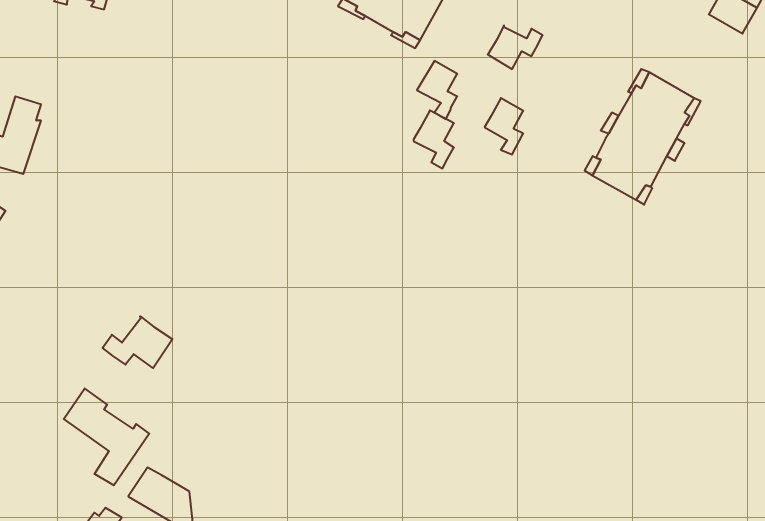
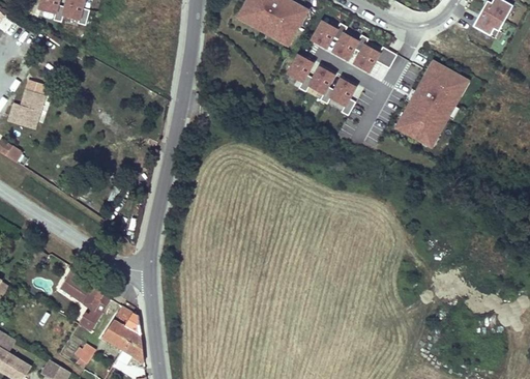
building: none -> [310,22,346,49]
building: none -> [353,46,395,72]
building: [414,110,454,168] -> [307,67,333,105]
building: [103,316,172,368] -> none
building: none -> [113,303,140,332]

